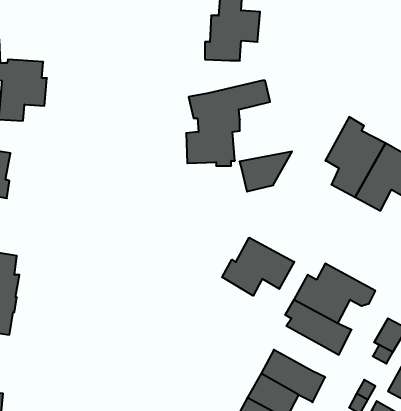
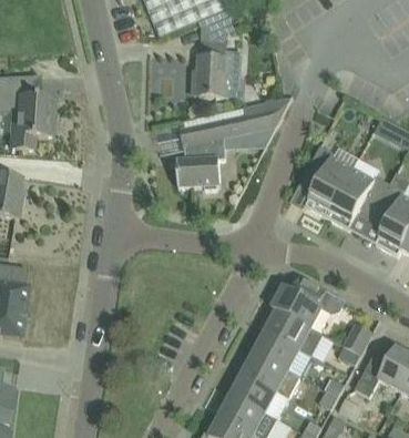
building: [239,151,292,192] -> [244,96,290,132]
building: [222,238,294,296] -> none
building: none -> [254,330,299,370]

